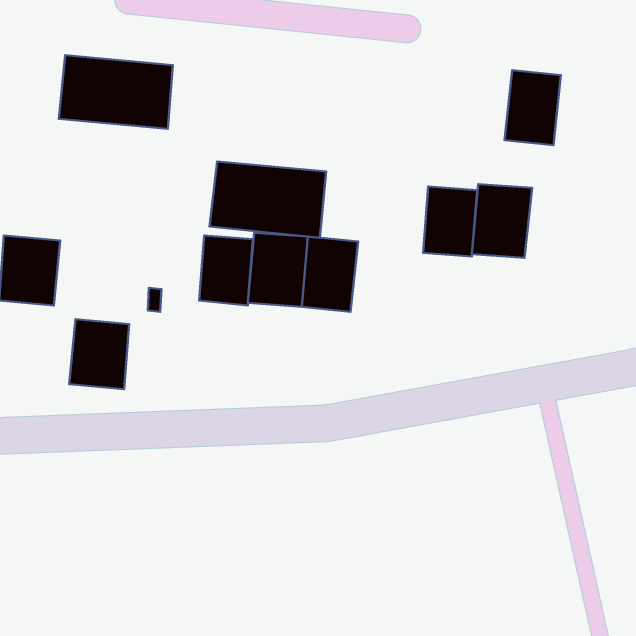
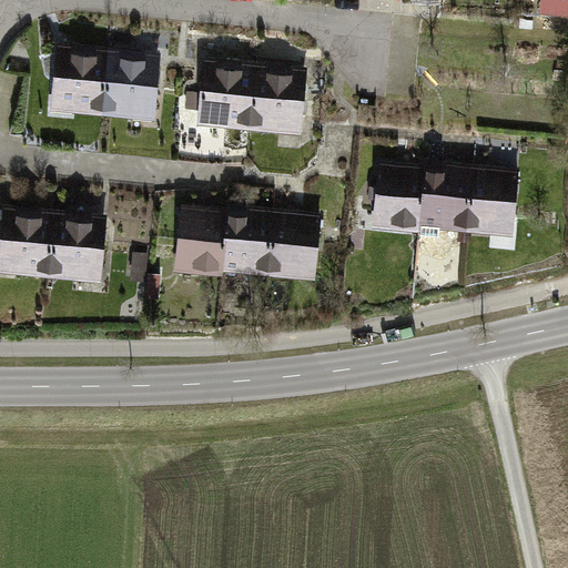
building: [505,70,561,145] -> [465,170,515,236]
building: [210,161,326,238] -> [199,67,302,134]
building: [69,319,129,389] -> [48,216,101,278]

